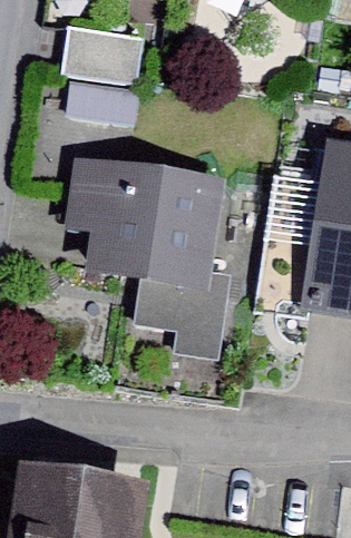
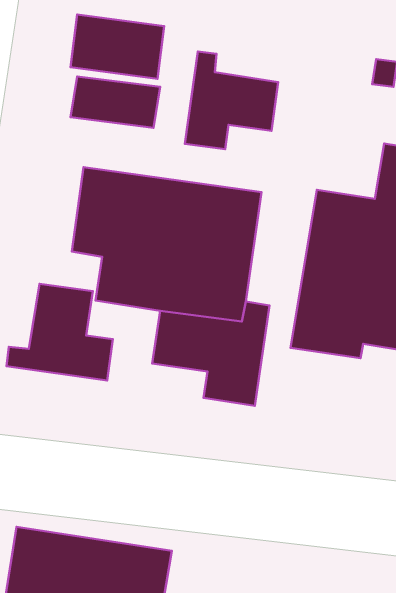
building: none -> [185,52,278,149]
building: none -> [7,284,113,381]

